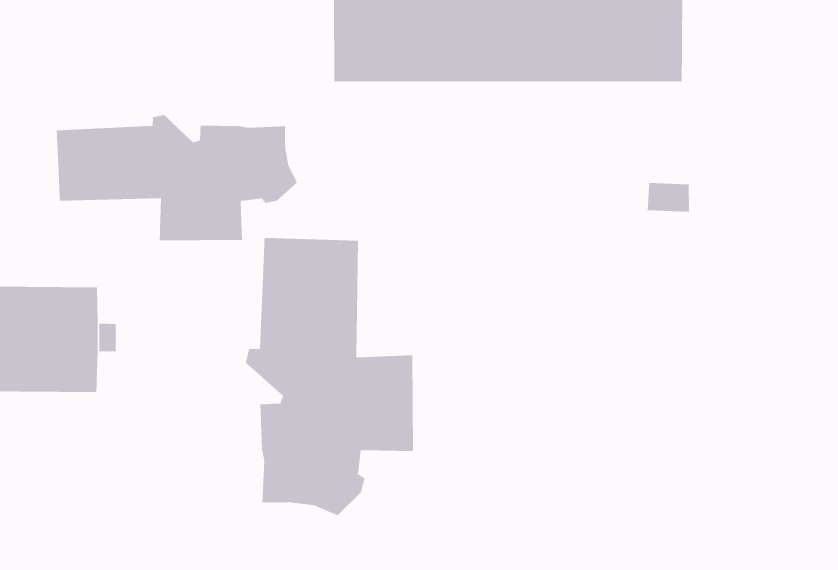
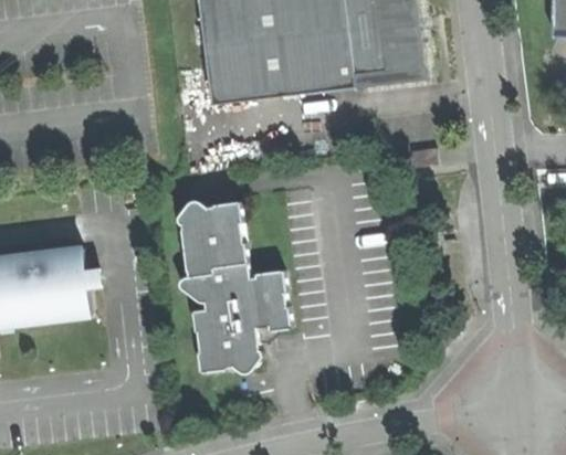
building: [56,114,298,241] -> none

